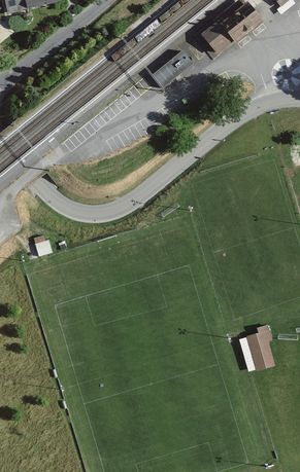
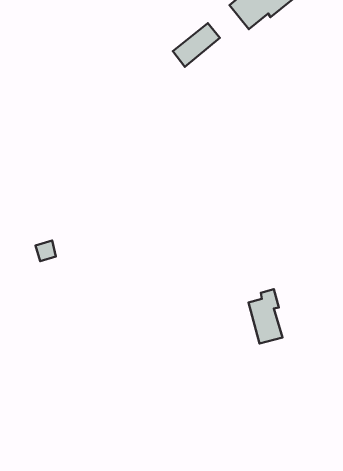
building: [248,323,277,369] -> [249,289,282,344]

